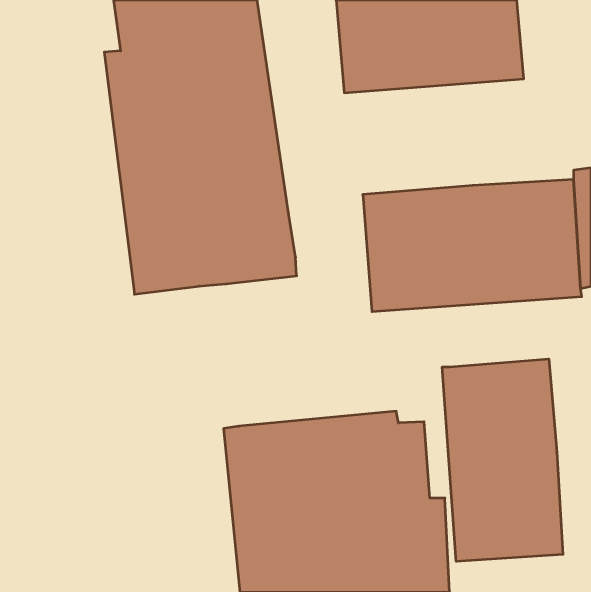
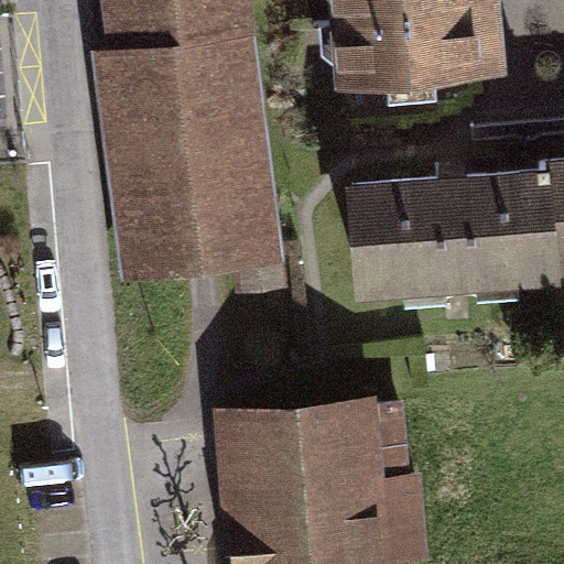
building: [442,359,563,561] -> none

